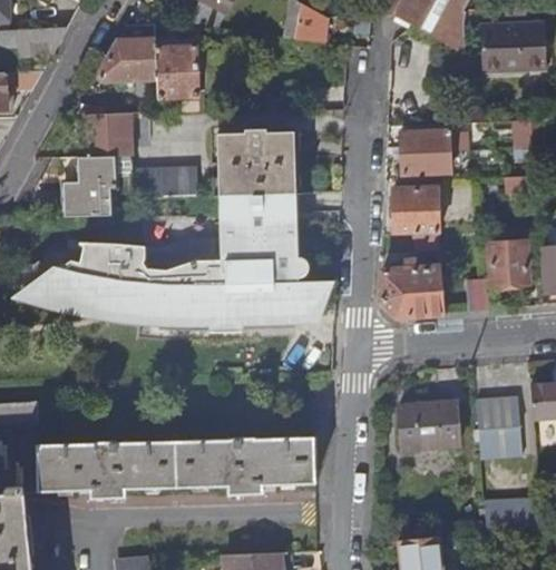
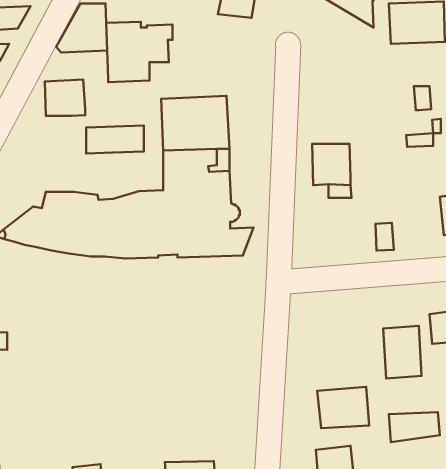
building: [400,129,467,175] -> none
building: [62,155,115,216] -> none
building: [487,240,528,286] -> none
building: [380,258,443,316] -> none
building: [398,401,458,449] -> [317,387,369,428]
building: [38,436,315,499] -> none

